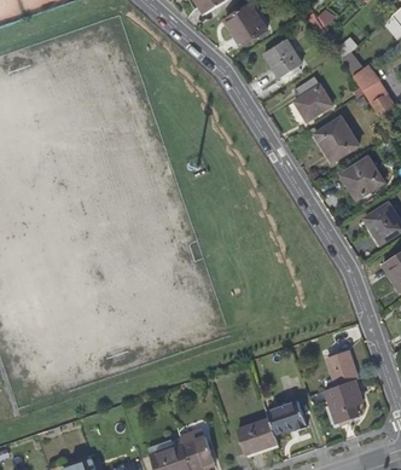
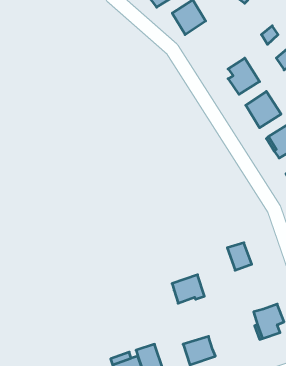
building: [263,40,301,79] -> none
building: [327,352,358,385] -> [227,243,252,270]
building: [267,400,307,435] -> [172,275,204,303]

